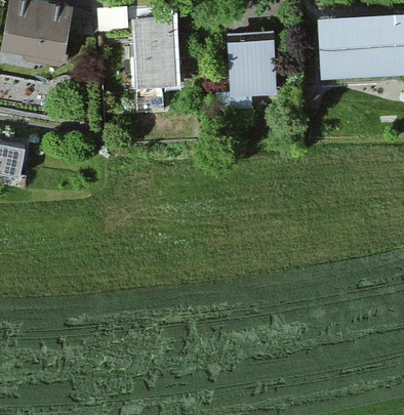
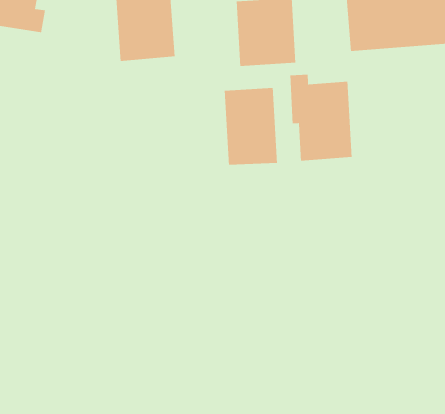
building: none -> [290,74,352,161]
building: none -> [224,87,278,165]

